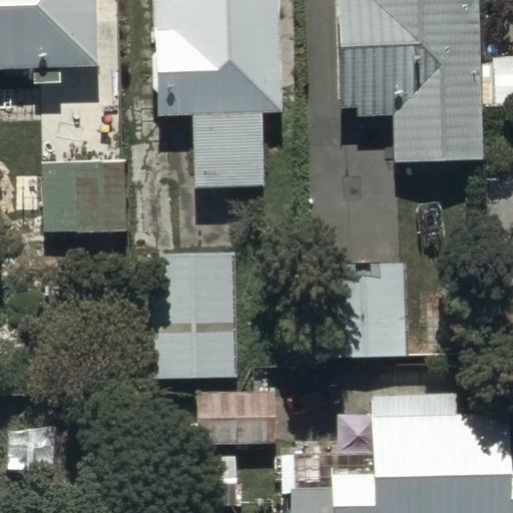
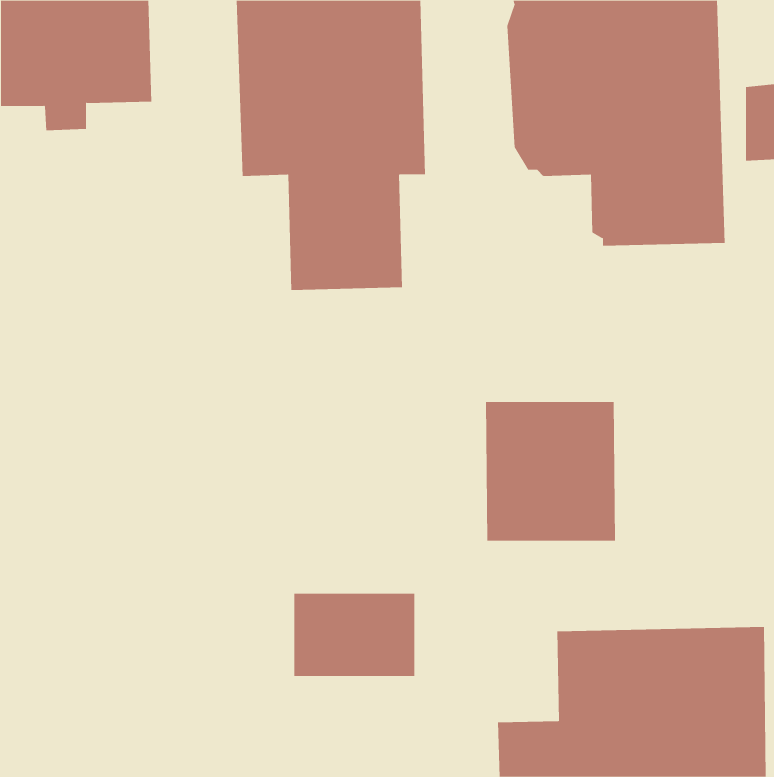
building: [40,161,128,234] -> none
building: [149,249,237,379] -> none

